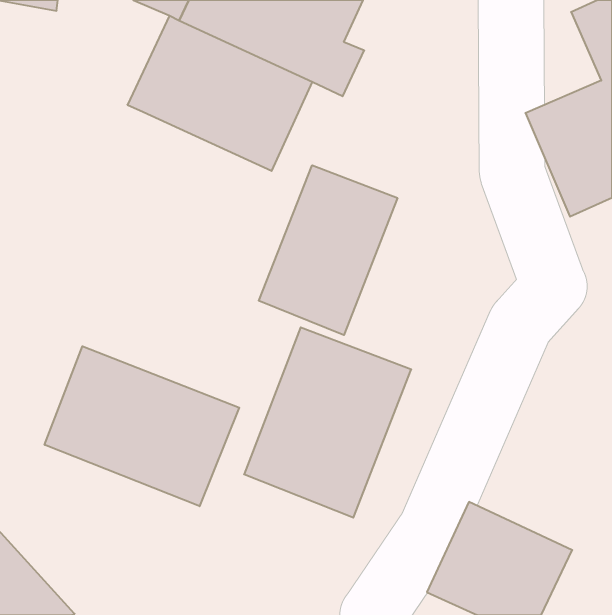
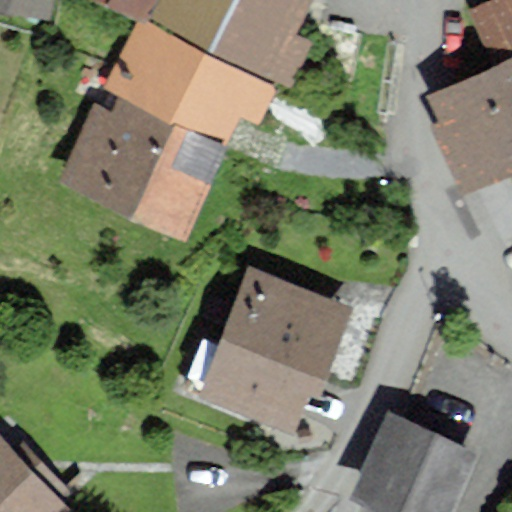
building: none -> [62,93,226,235]
building: [259,165,397,335] -> none
building: [45,346,239,506] -> none

